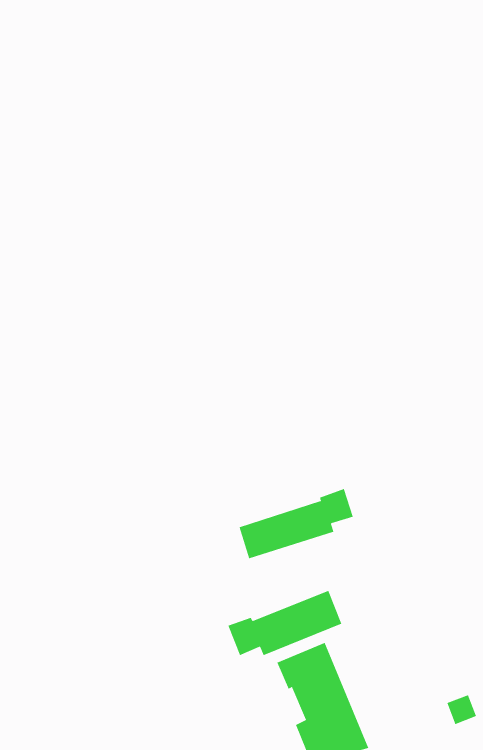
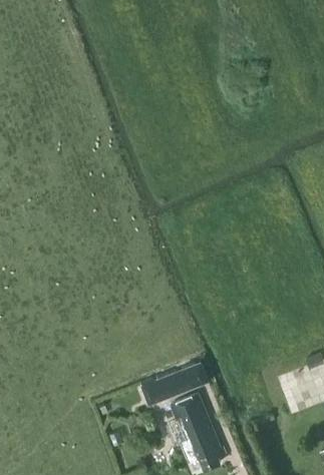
building: [239,488,354,559] -> none

